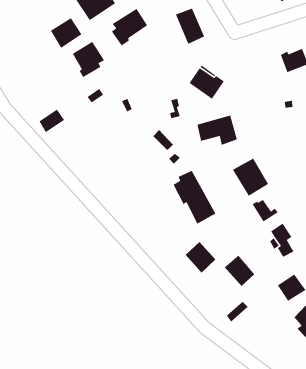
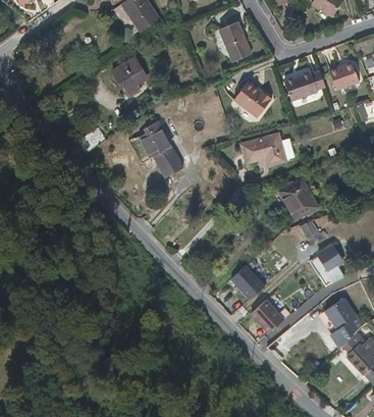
building: [111,8,148,47] -> none
building: [50,17,82,49] -> none
building: none -> [284,70,326,102]
building: [172,170,217,225] -> [139,120,184,177]
building: [224,254,255,287] -> [249,301,281,334]

